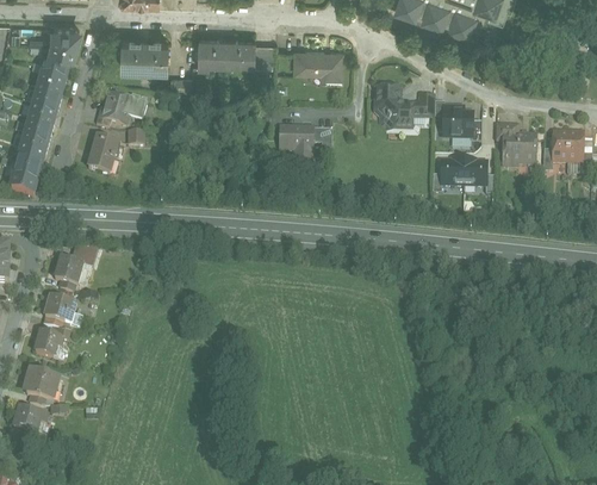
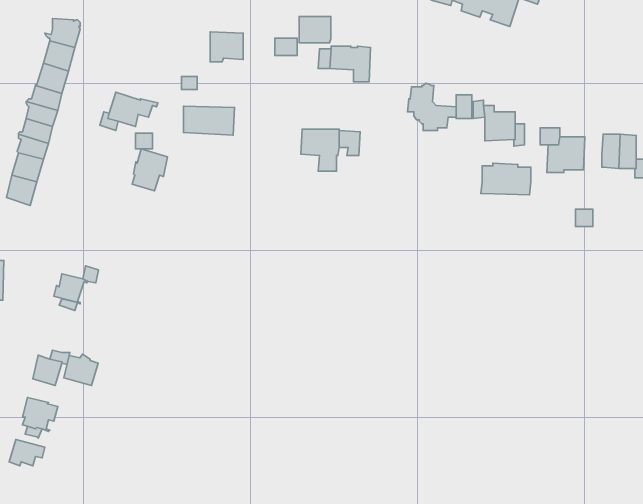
building: [225,39,254,63] -> [299,17,331,43]
building: [120,41,167,67] -> [183,106,235,135]
building: [88,136,120,174] -> [132,149,168,191]
building: [44,296,75,324] -> [64,354,98,386]

